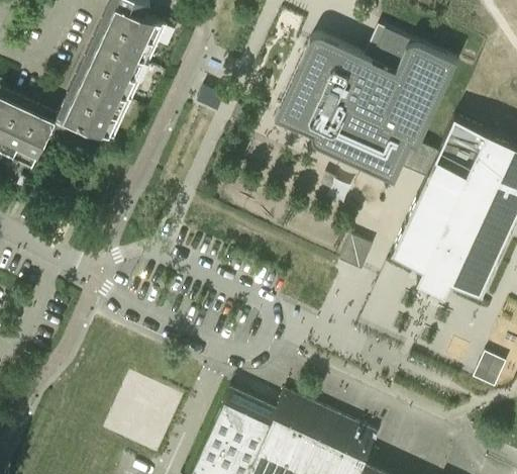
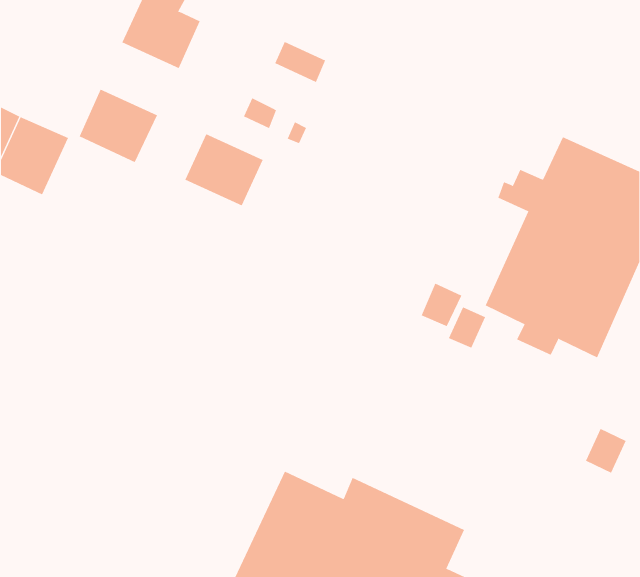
building: [274,29,456,182] -> none
building: none -> [275,41,326,83]
building: [81,42,144,101] -> [184,134,263,206]
building: none -> [448,307,486,349]

